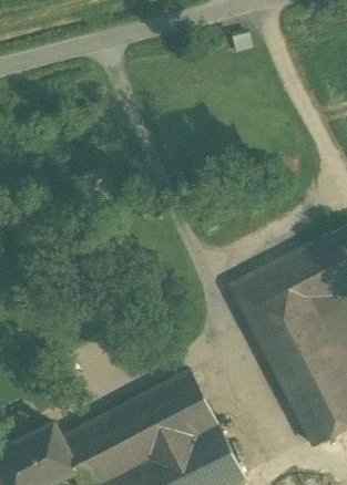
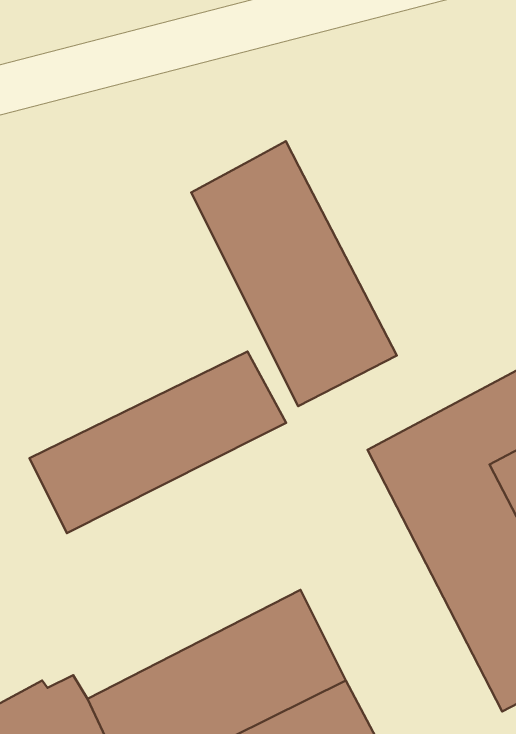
building: none -> [191,141,397,406]
building: none -> [29,351,286,533]

